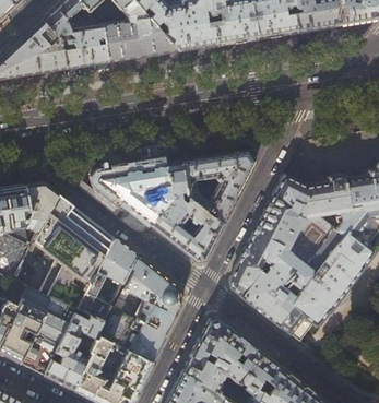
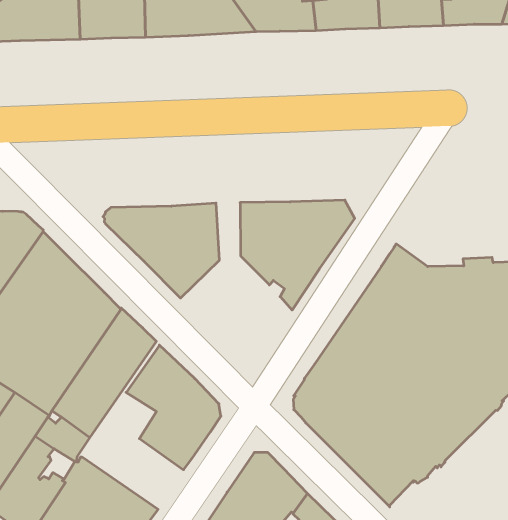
building: [150,161,222,262] -> none
building: [99,309,165,363] -> none

